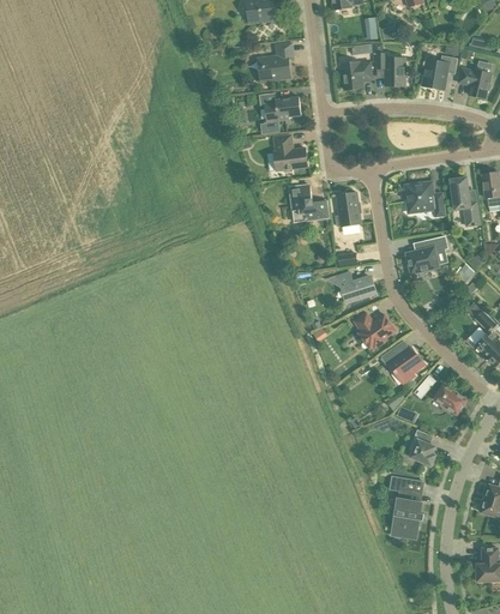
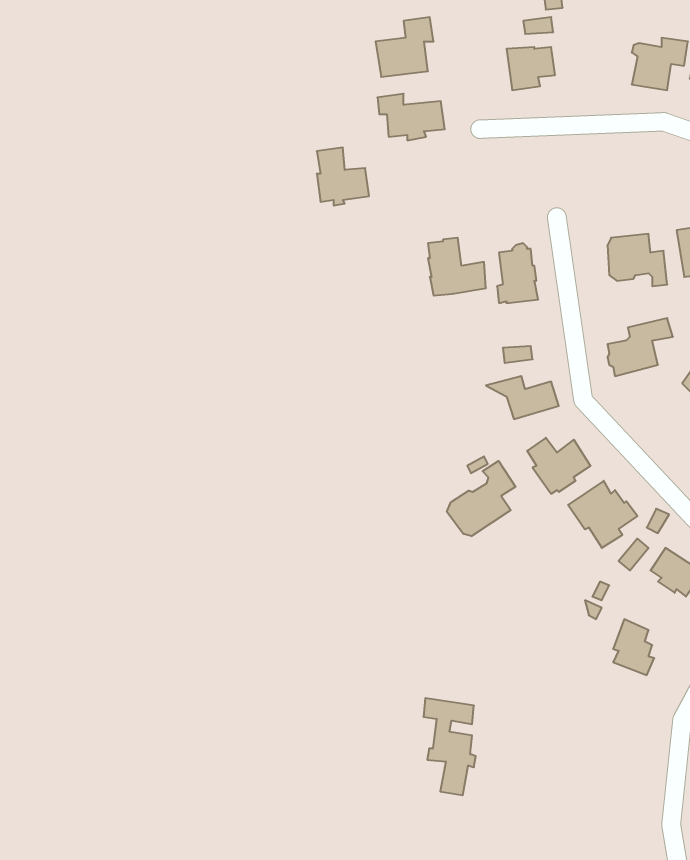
building: [378,54,405,86] -> none
building: [275,136,308,173] -> [317,148,369,206]
building: none -> [447,461,515,536]
building: [391,476,424,538] -> [423,698,476,795]

